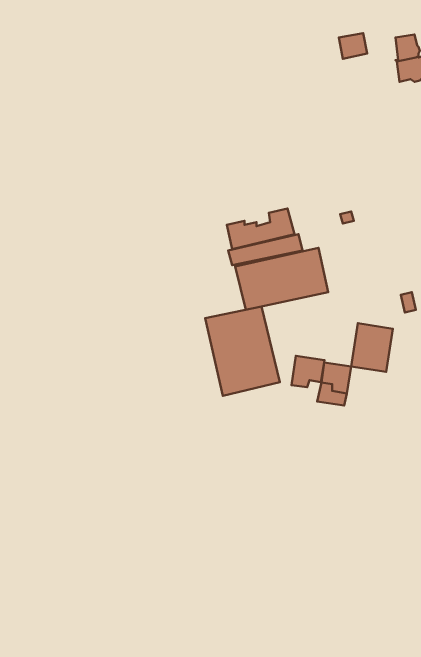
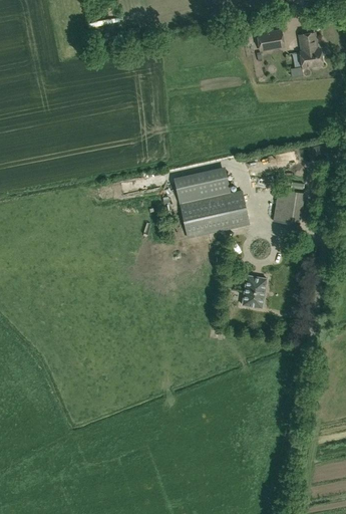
building: [205,307,280,396] -> none
building: [351,323,393,372] -> [273,189,304,225]
building: [291,356,324,387] -> none

